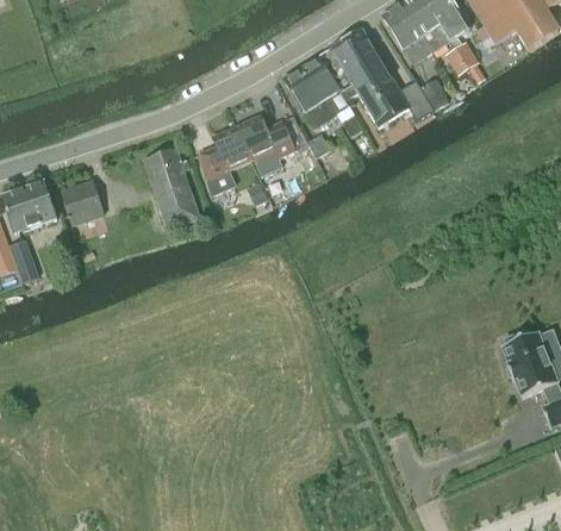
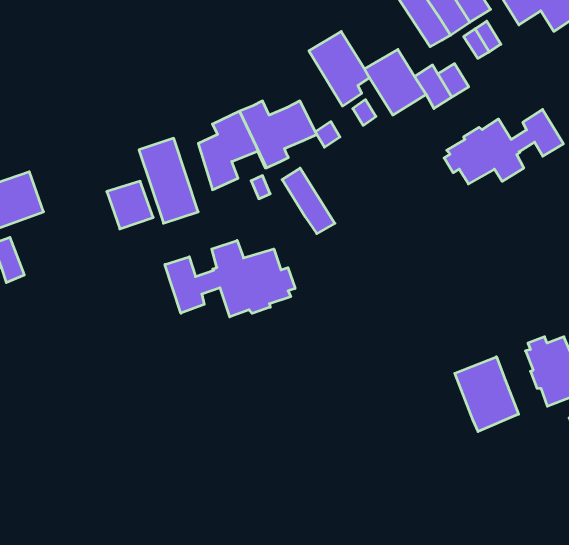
building: [331,31,384,85] -> none
building: [283,68,332,129] -> [282,168,335,234]
building: none -> [444,109,563,184]
building: [61,181,104,225] -> [107,181,153,229]
building: none -> [165,240,295,317]
building: none -> [455,357,519,432]

